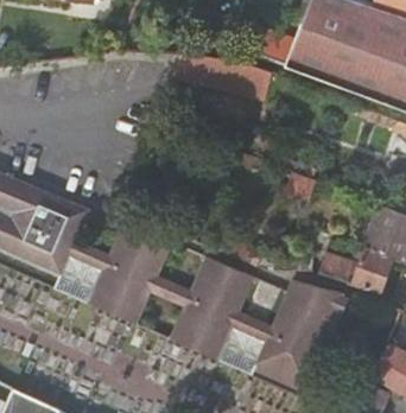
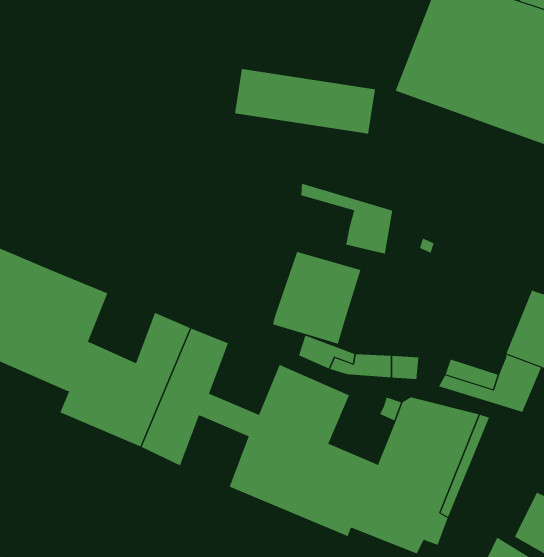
building: none -> [301,183,393,255]
building: none -> [273,251,361,345]

